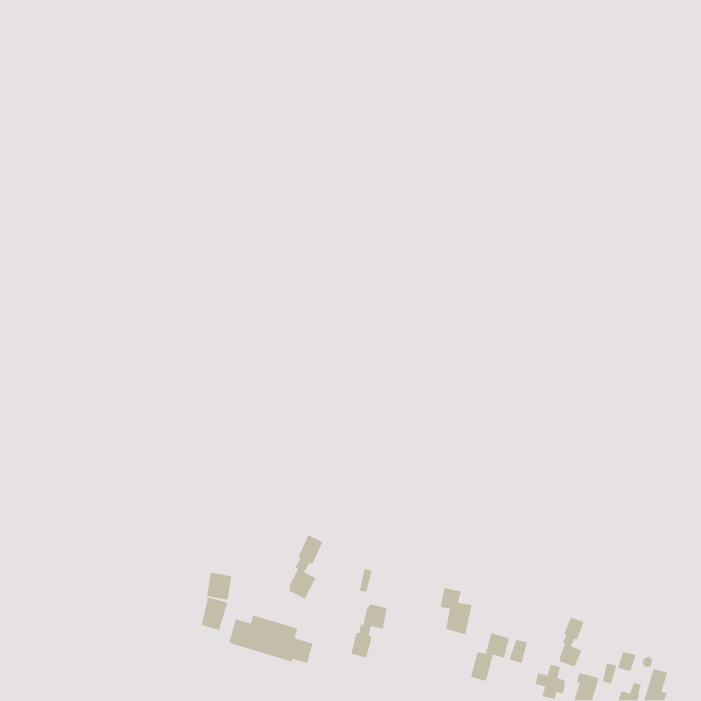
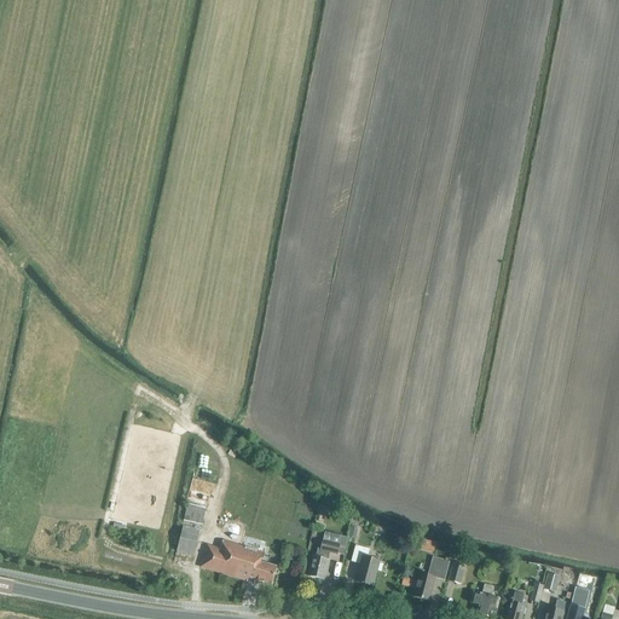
building: [288,534,323,600] -> none
building: [440,587,473,635] -> [352,544,381,586]
building: [558,616,585,668] -> none

